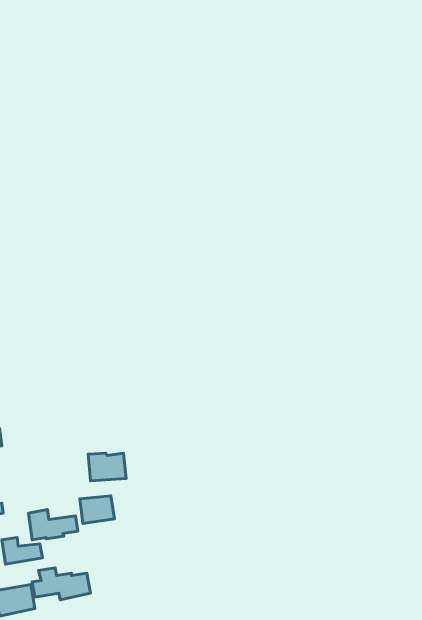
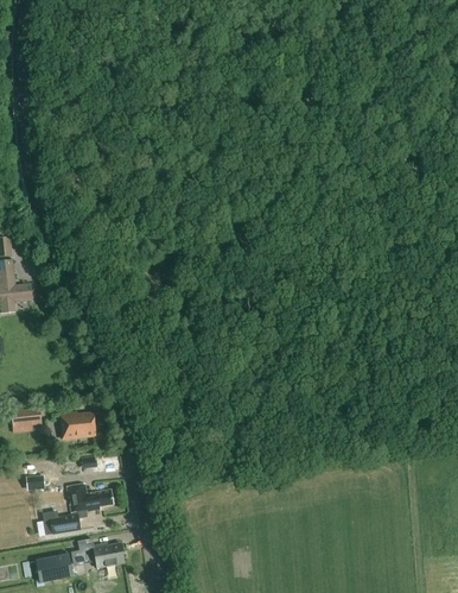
building: [88,453,126,481] -> [61,411,96,437]
building: [80,496,114,524] -> none

